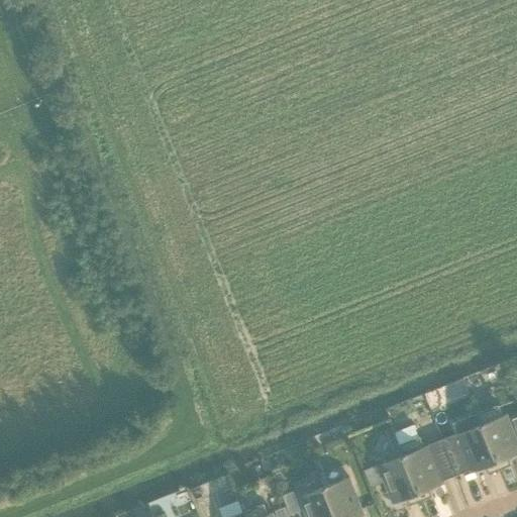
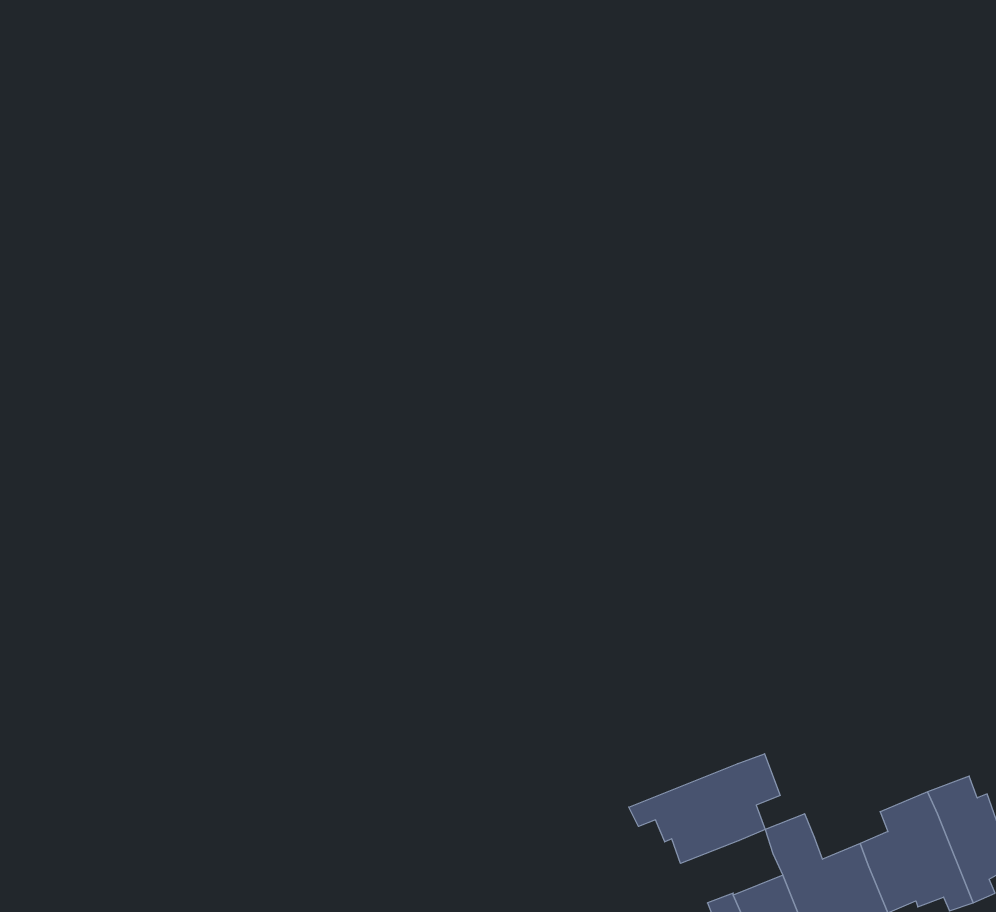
building: none -> [629,754,780,863]

